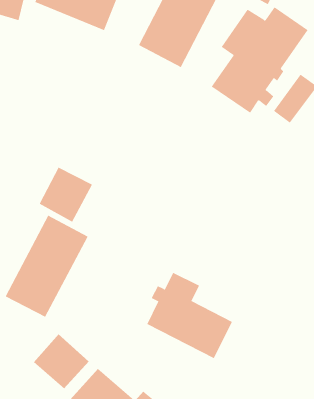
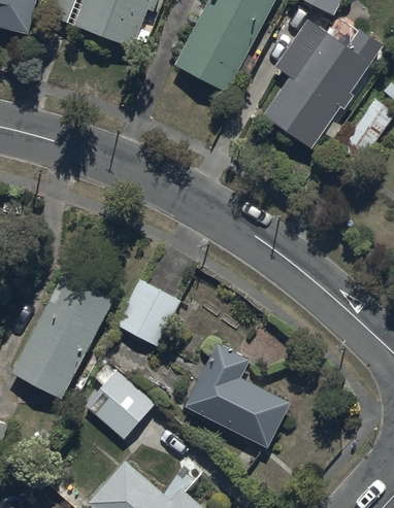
building: [39,167,93,222] -> [114,278,180,346]
building: [33,334,90,389] -> [84,370,153,438]

